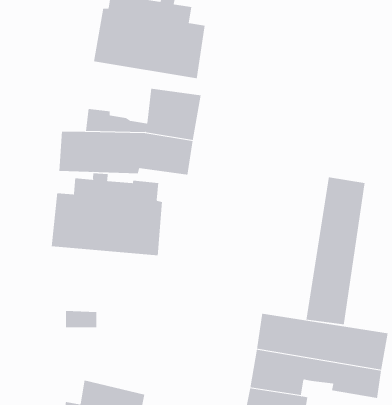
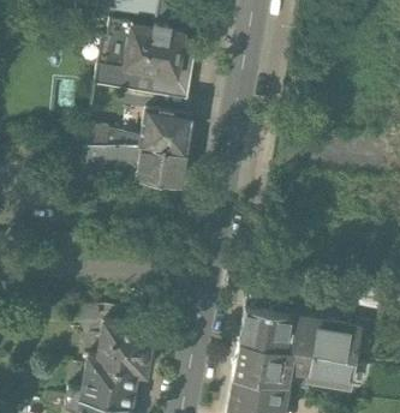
building: [51,172,162,256] -> none
building: [306,176,365,325] -> none
building: none -> [85,321,159,383]

